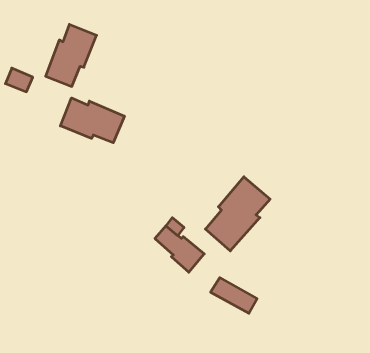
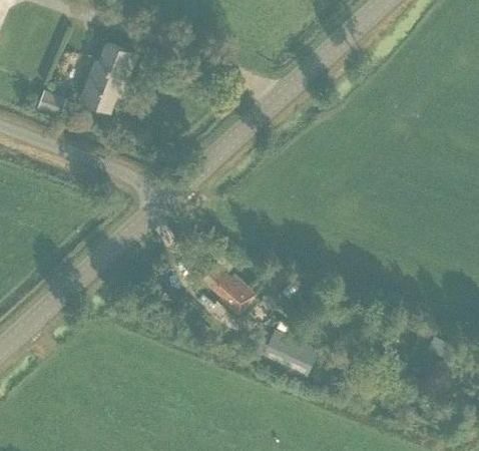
building: [60,98,124,143] -> none
building: [205,177,270,251] -> none

